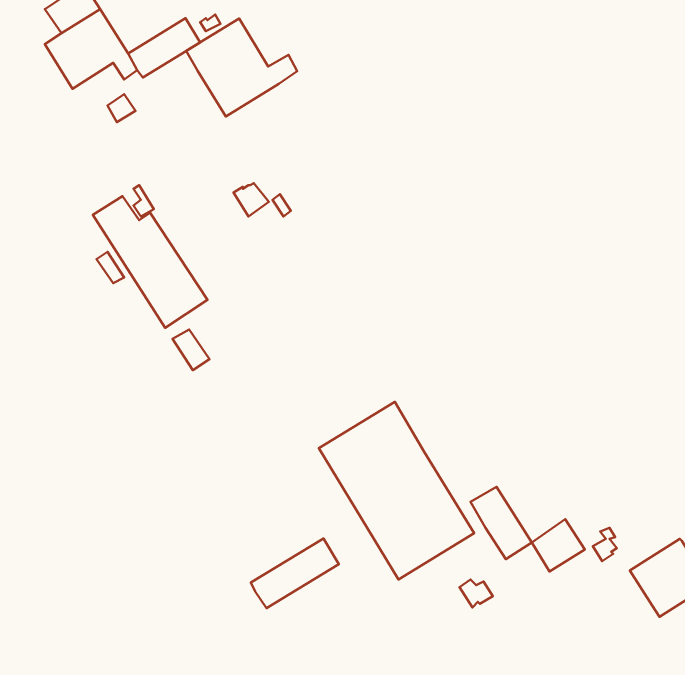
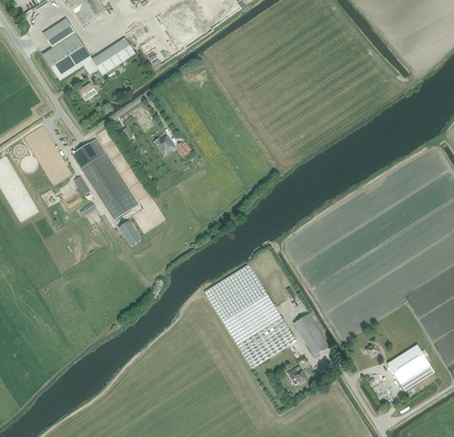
building: [186,19,297,116] -> none
building: [532,519,585,572] -> none
building: [251,538,339,608] -> none

